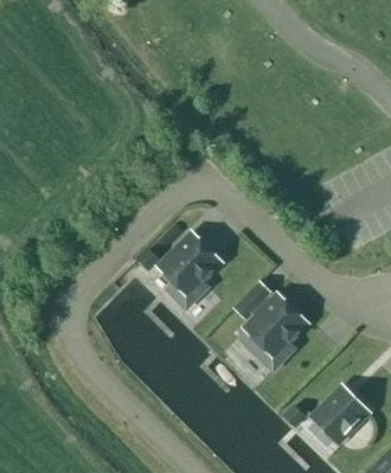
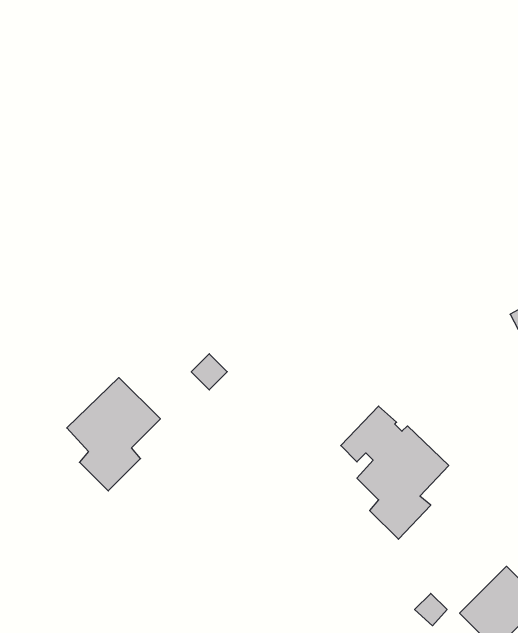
building: [160,235,222,309] -> [67,378,160,491]

